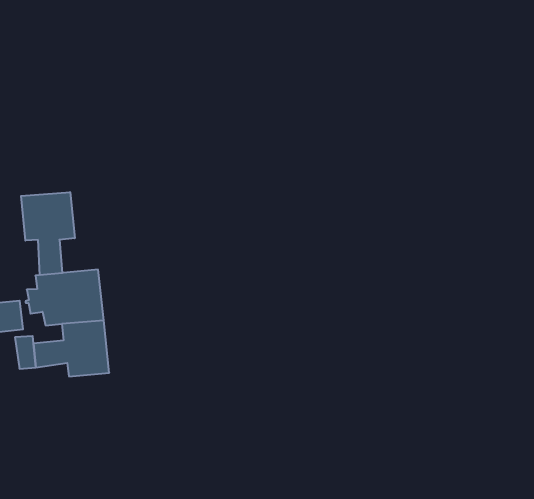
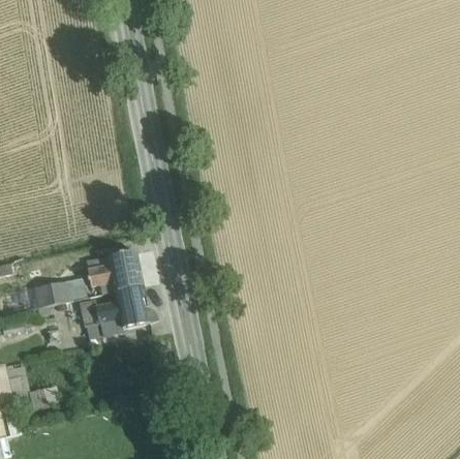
building: [21,192,75,275] -> none

